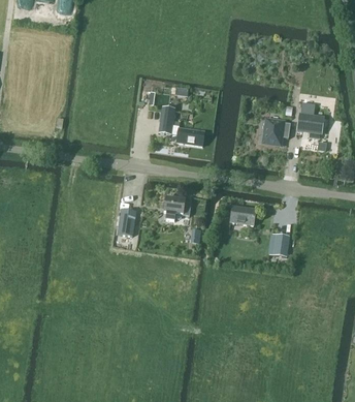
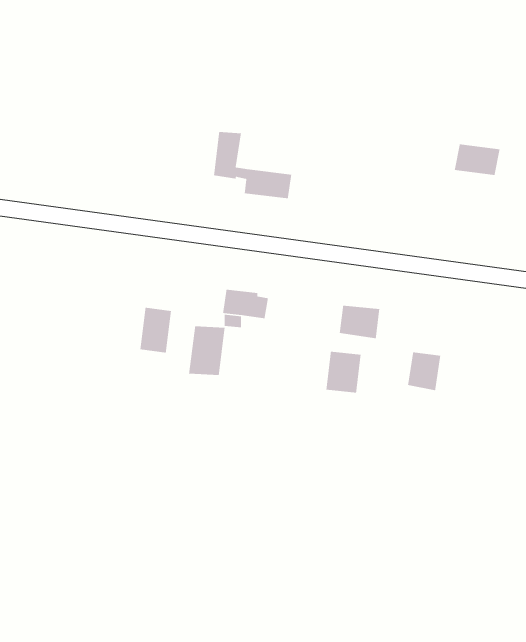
building: [262,117,291,146] -> none
building: none -> [188,326,225,376]
building: none -> [326,351,362,394]

